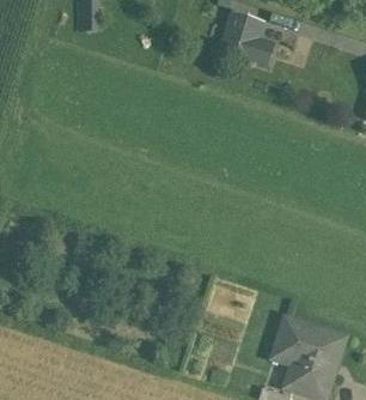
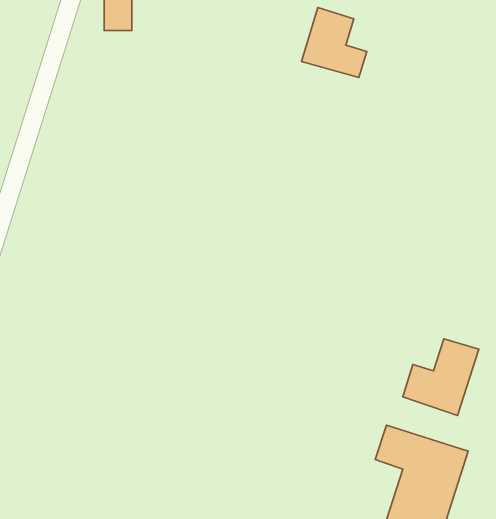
building: none -> [403,339,479,415]

